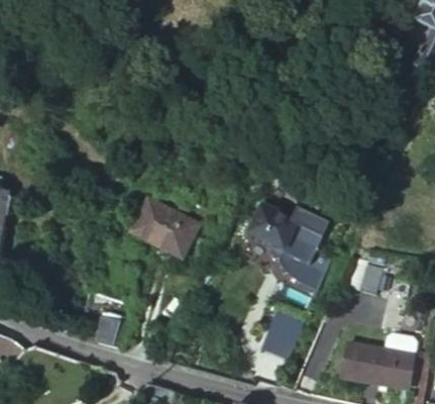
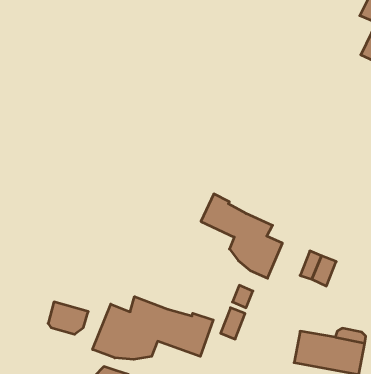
building: [130,196,200,258] -> none
building: none -> [93,297,213,359]

